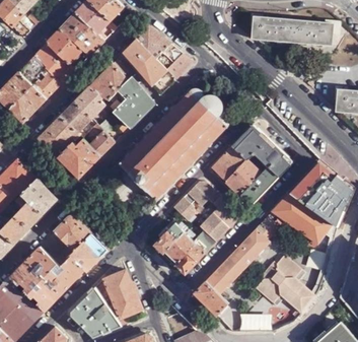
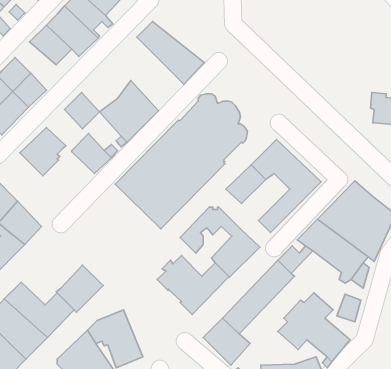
building: [249,13,341,46] -> none
building: [123,40,176,95] -> none
building: [34,44,75,84] -> none
building: [90,59,132,102] -> none
building: [61,100,91,131] -> none
building: [58,136,101,177] -> none
building: [225,159,260,194] -> none
building: [54,216,91,251] -> none

